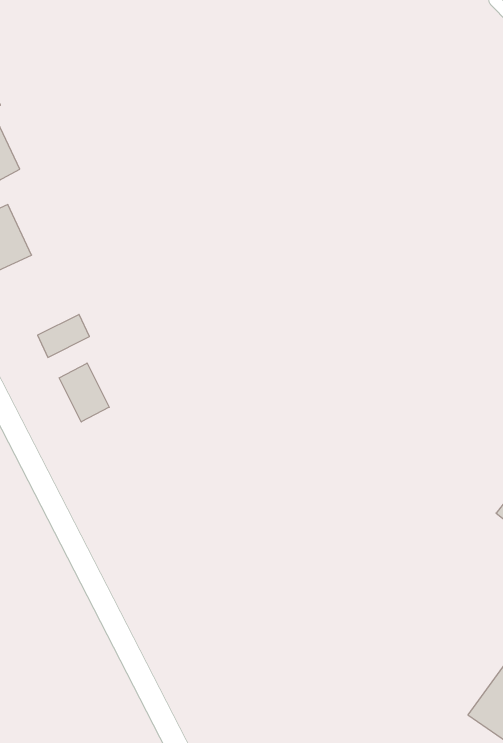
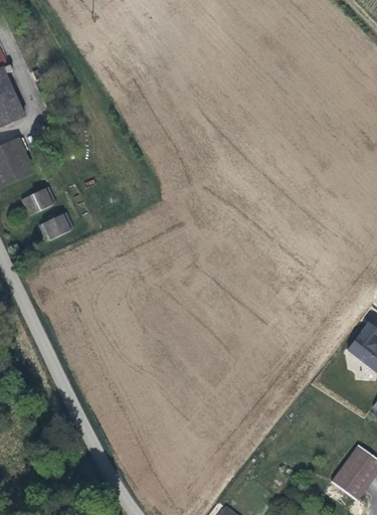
building: none -> [21,188,56,216]
building: [59,363,109,422] -> none

